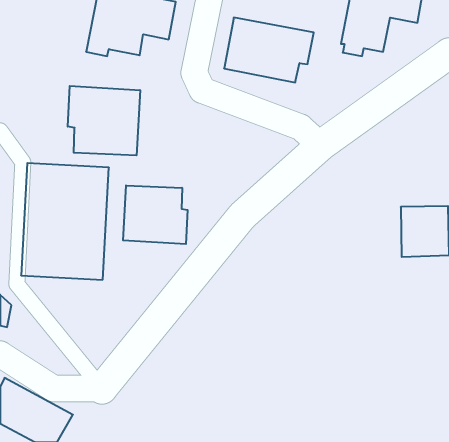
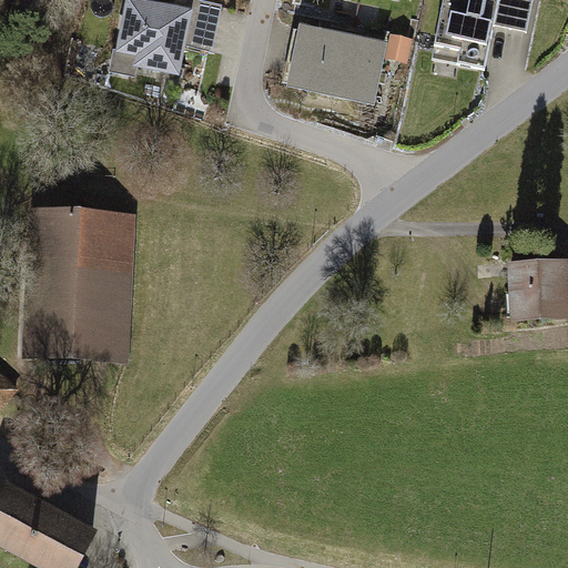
building: [68,86,140,155] -> none
building: [123,185,188,244] -> none

